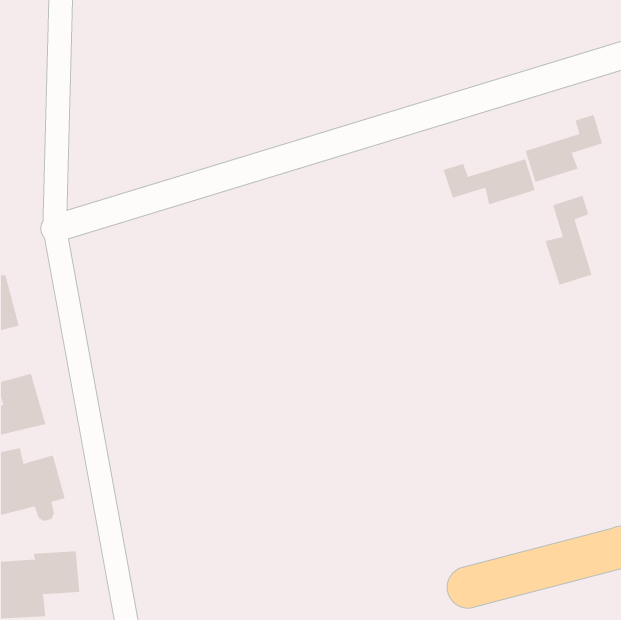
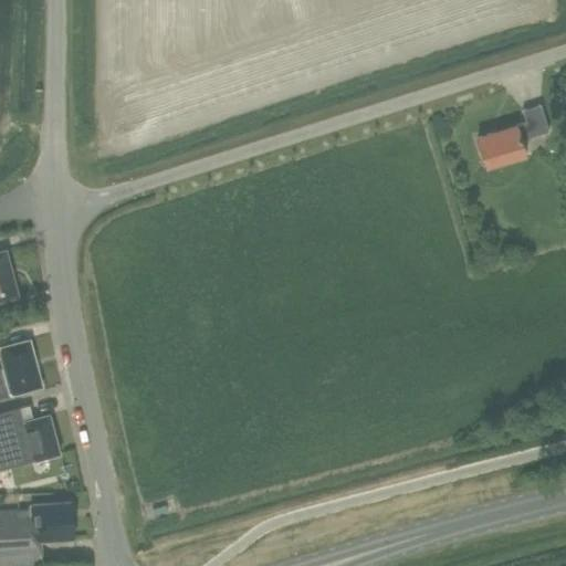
building: [443,159,536,205] -> none
building: [545,195,592,286] -> none

